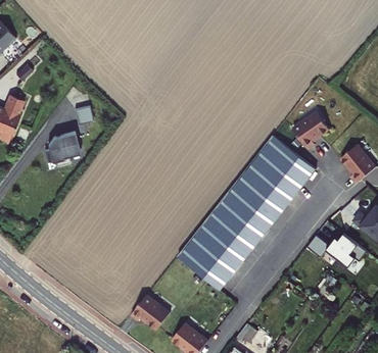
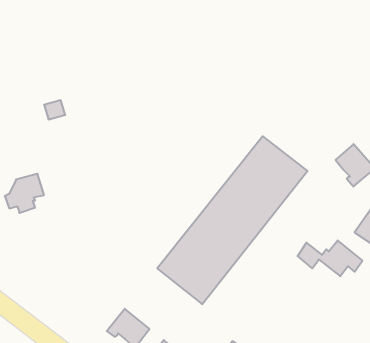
building: [292,112,329,150] -> none
building: [44,131,80,166] -> [5,174,44,213]

